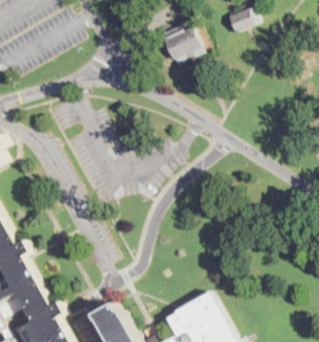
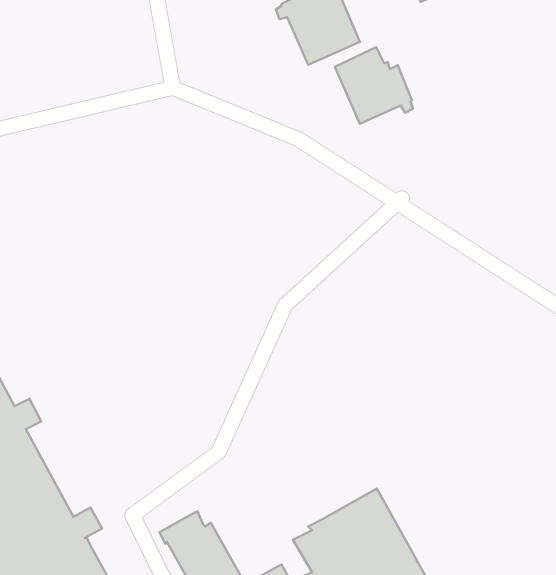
building: none -> [335,47,413,124]

